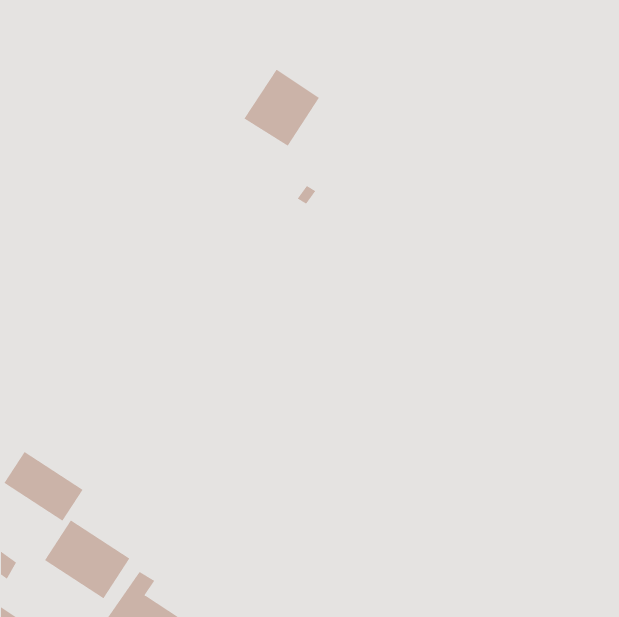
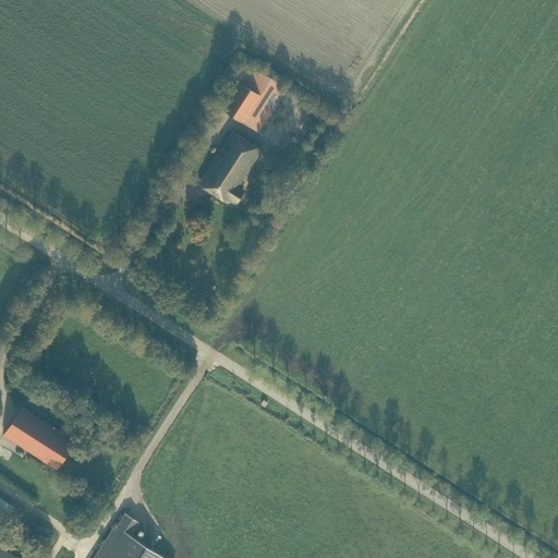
building: none -> [199,132,262,204]
building: [44,520,130,599] -> none

